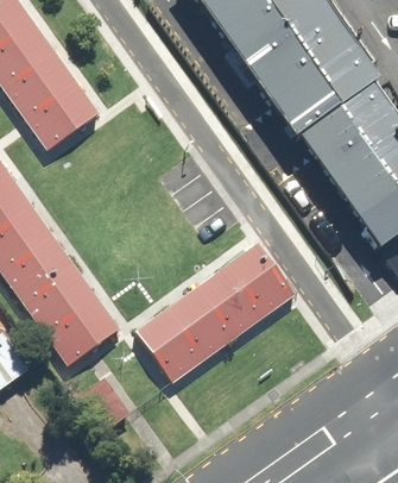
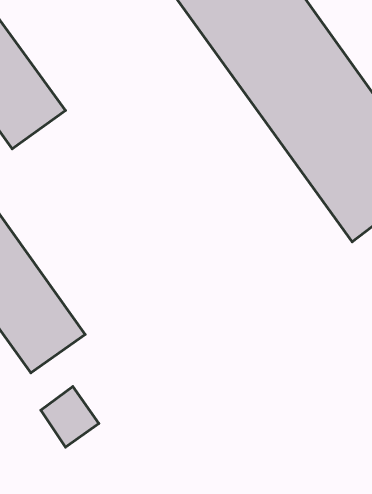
building: [135,240,297,382] -> none

